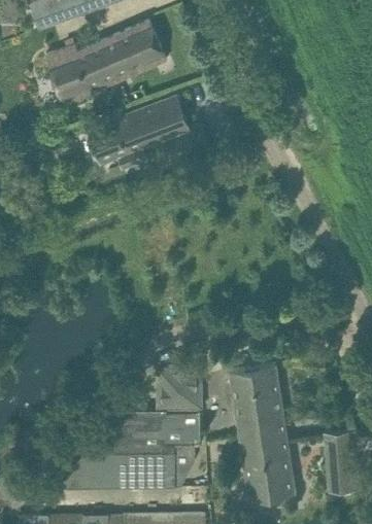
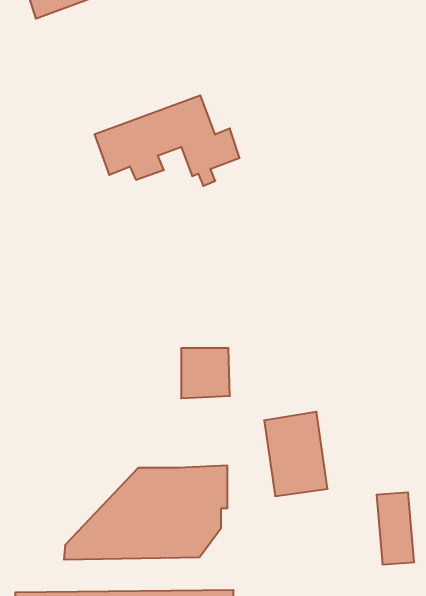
building: [45,21,165,104] -> none
building: [159,369,200,411] -> [181,348,230,398]
building: [240,428,295,499] -> none

